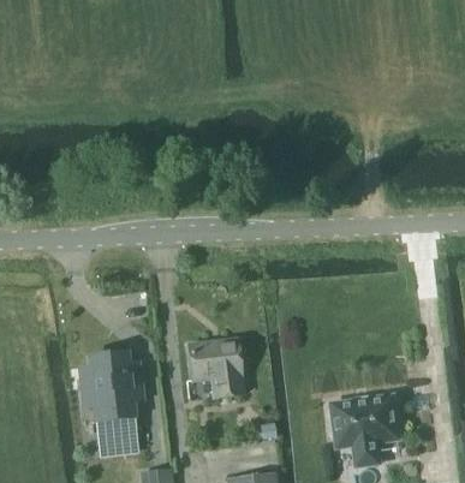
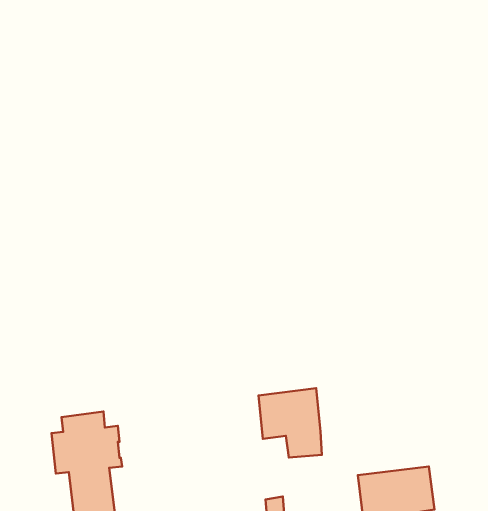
building: [187,340,240,398] -> [258,388,322,458]

